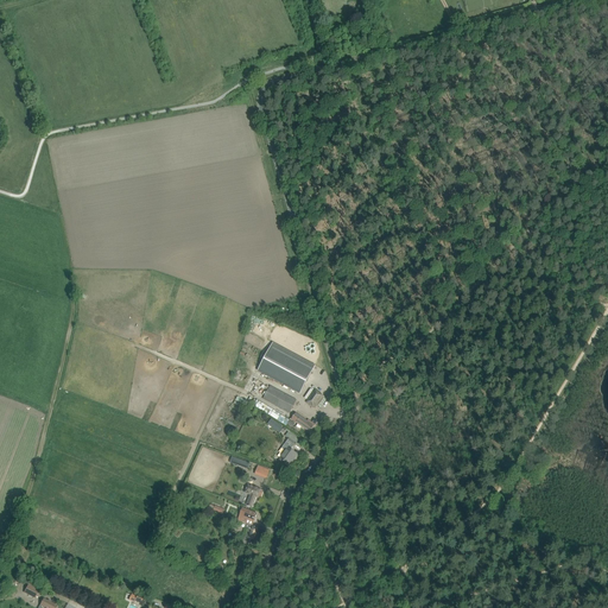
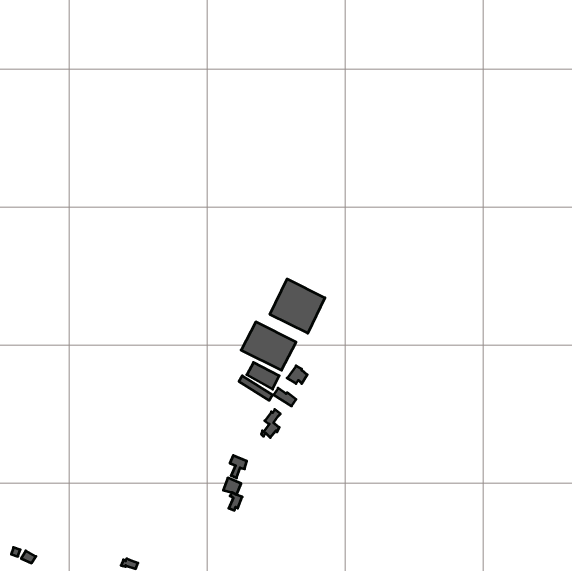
building: none -> [270,279,325,333]

